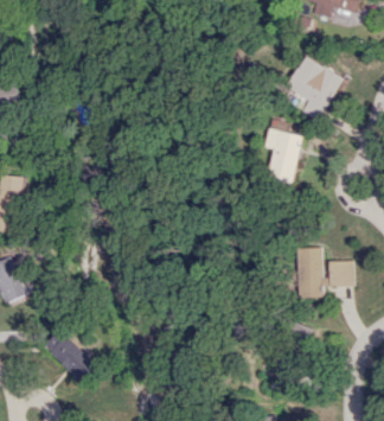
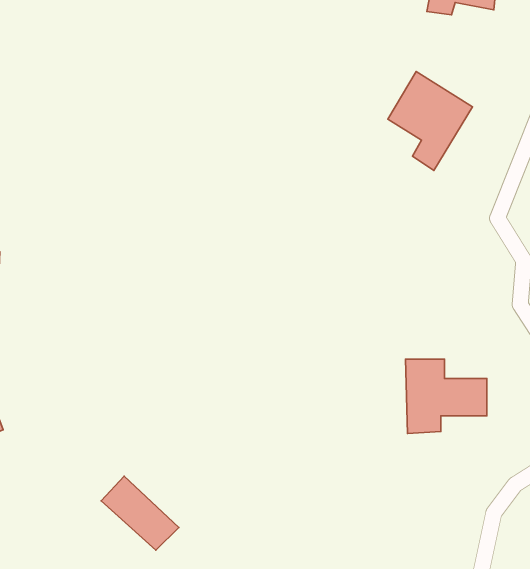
building: [267,130,300,178] -> none
building: [45,330,97,379] -> [101,476,179,550]

